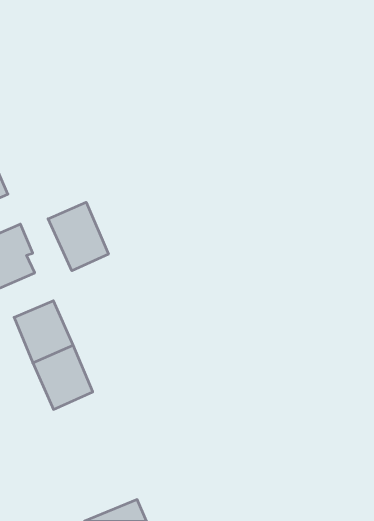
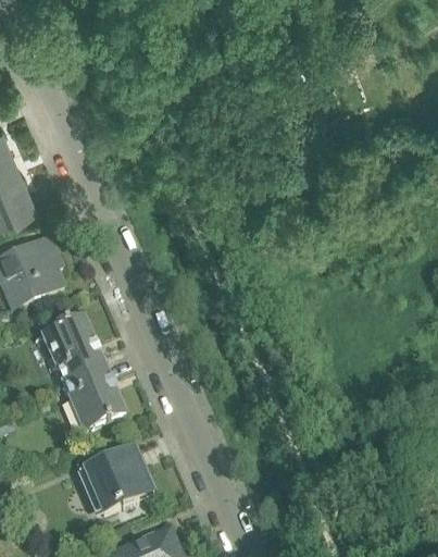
building: [48,202,108,271] -> none
building: none -> [77,451,152,513]

